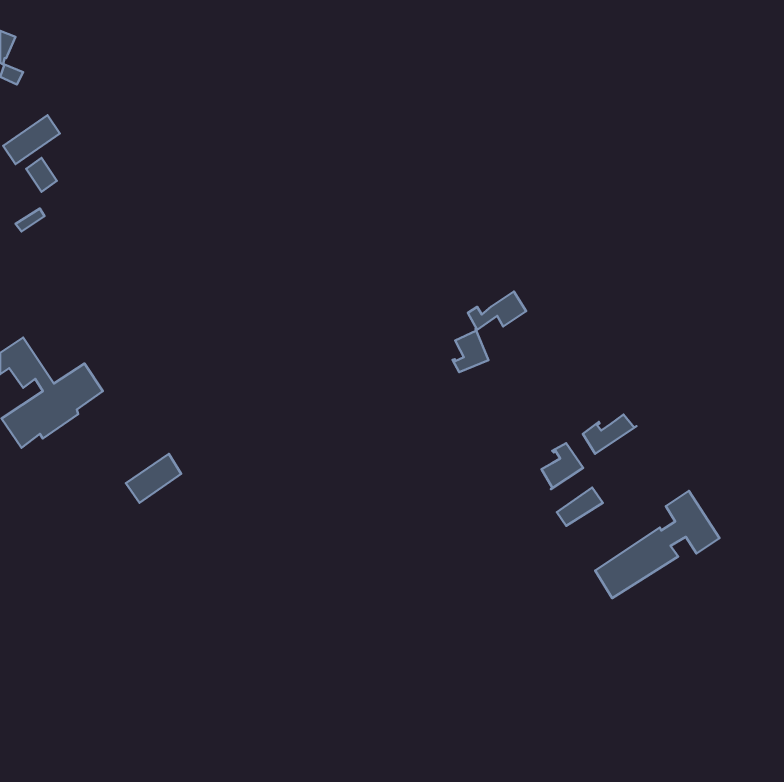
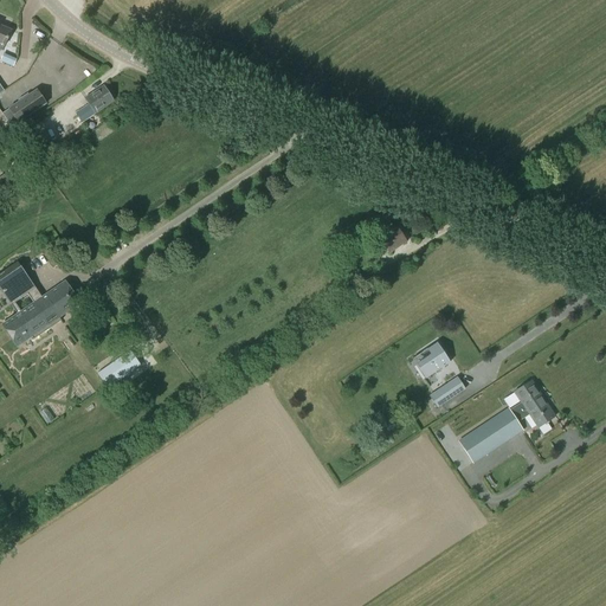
building: none -> [75,85,114,122]
building: [452,329,488,372] -> none
building: [583,414,637,454] -> none

